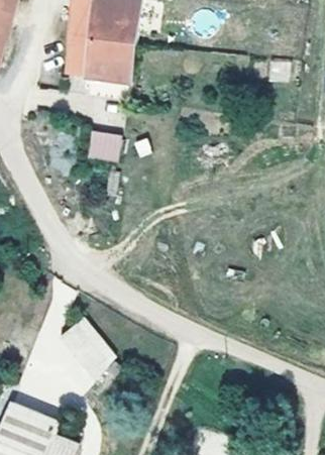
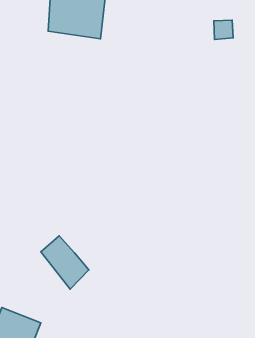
building: [84,130,119,161] -> none

